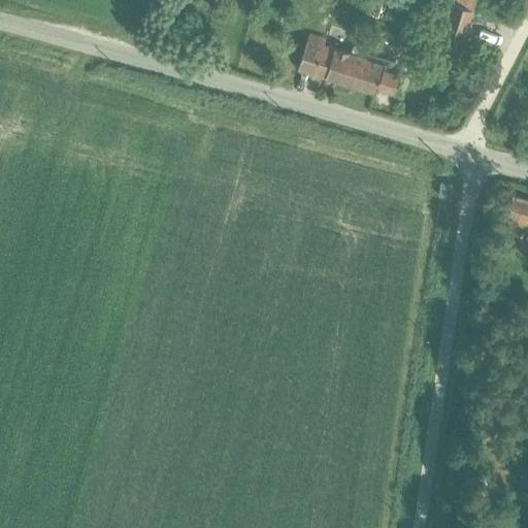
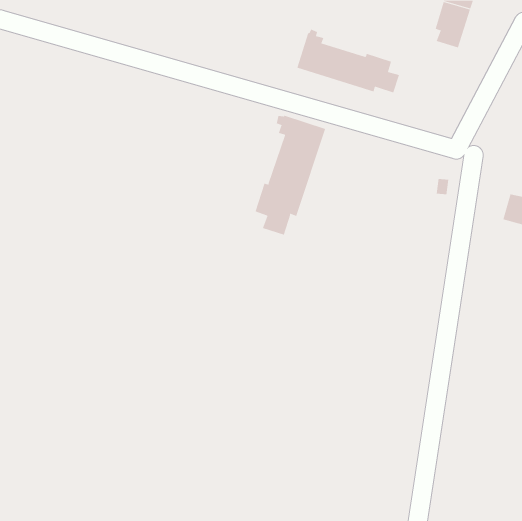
building: none -> [255,115,326,236]

